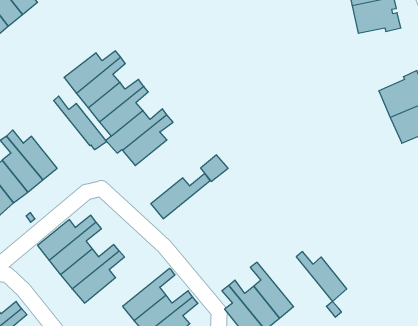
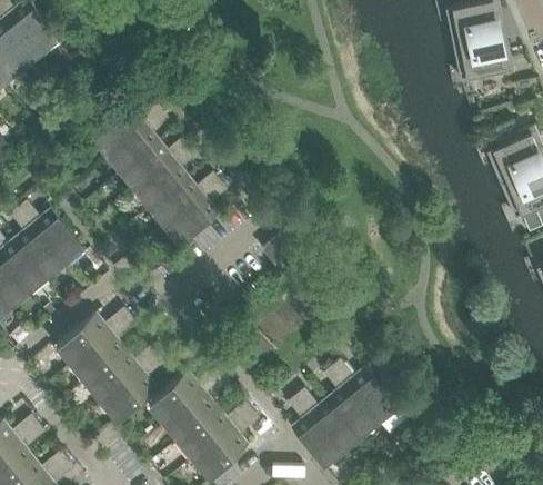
building: [54,96,107,150] -> none
building: [151,173,210,219] -> [148,368,222,425]
building: [296,252,347,301] -> [332,363,395,425]

